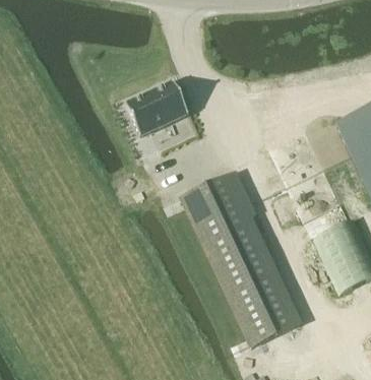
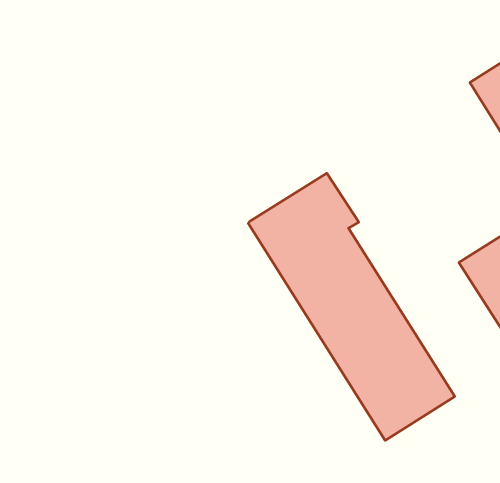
building: [127,78,190,133] -> none

